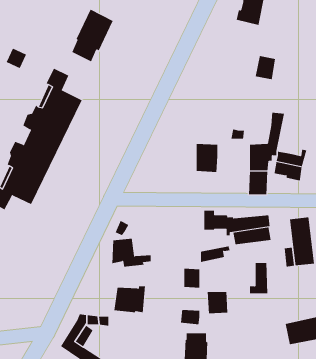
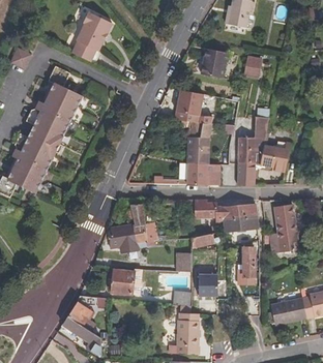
building: none -> [200,49,227,78]
building: none -> [175,89,211,139]
building: none -> [185,163,219,185]
building: none -> [128,204,177,242]

